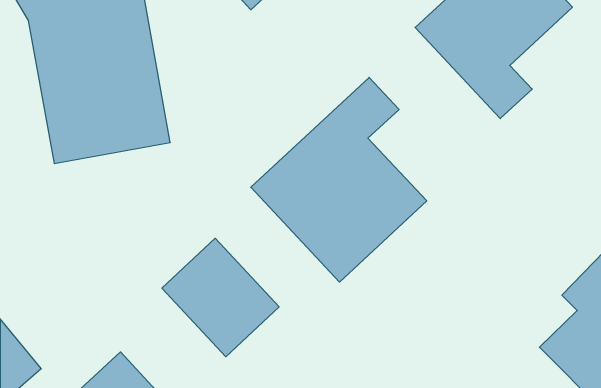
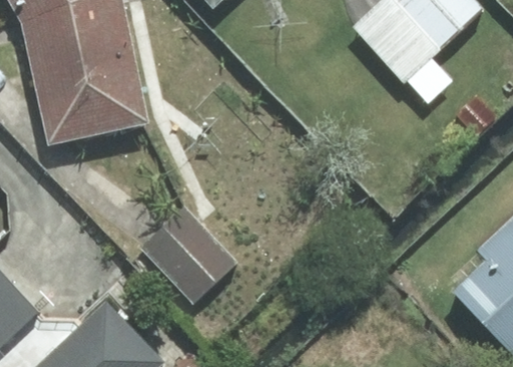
building: [251,77,427,282] -> none

